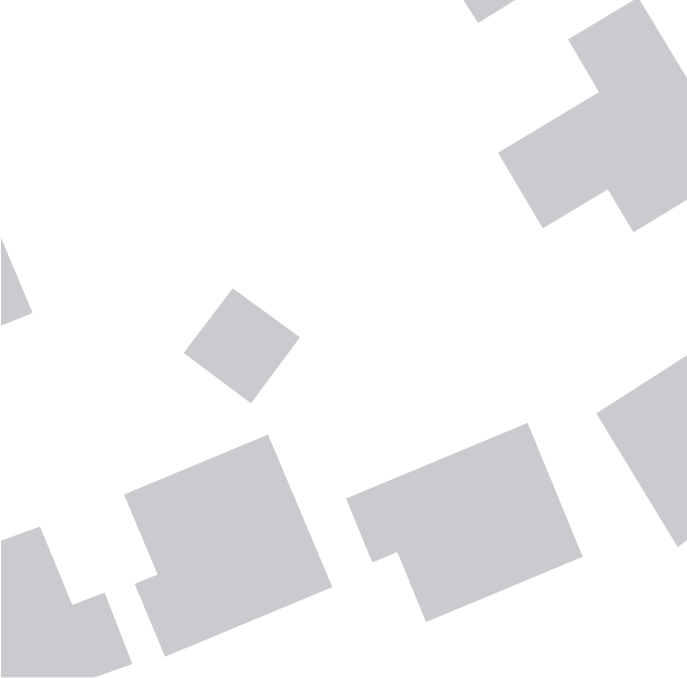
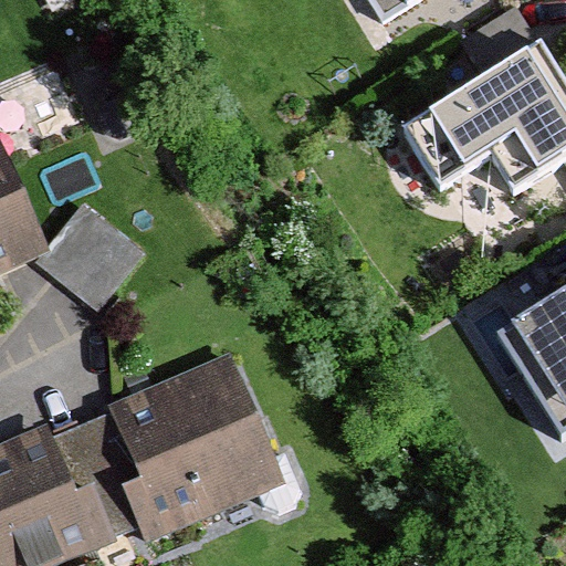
building: [182,287,301,405] -> [41,210,138,306]
building: [345,422,584,623] -> none

